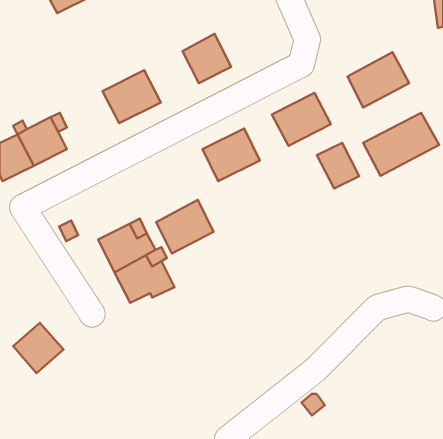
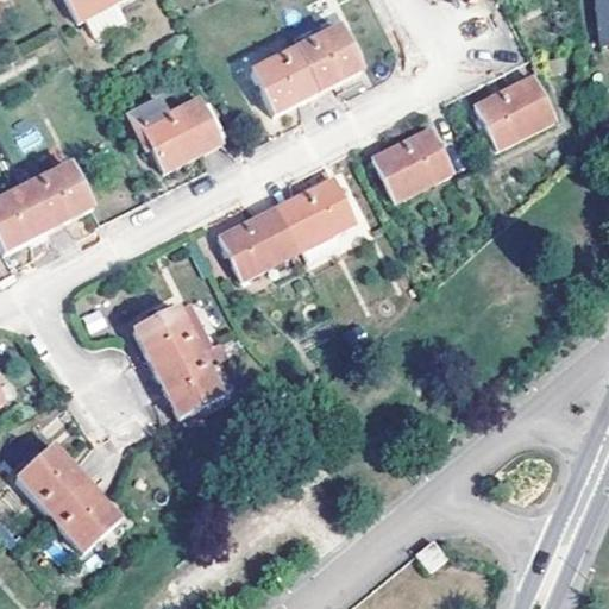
building: none -> [294,25,360,92]
building: [363,113,439,176] -> none
building: [317,143,359,189] -> none
building: [156,200,214,254] -> [220,205,299,278]
building: none -> [50,479,120,550]

